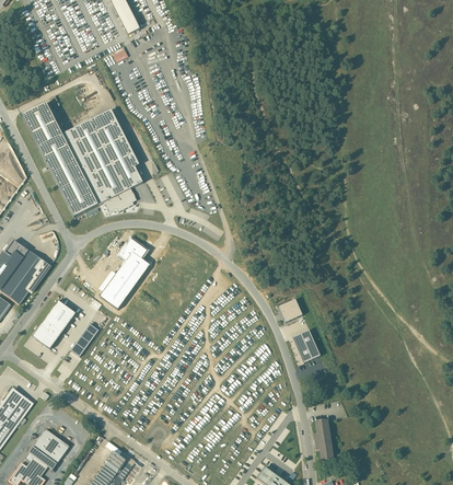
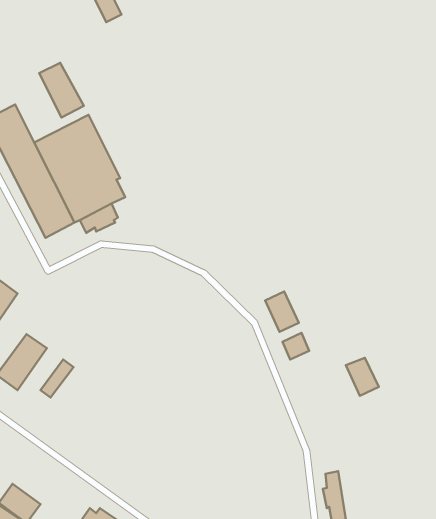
building: none -> [39,63,84,117]
building: [100,236,150,308] -> none
building: none -> [265,291,299,332]
building: [292,330,321,362] -> [346,358,379,396]

